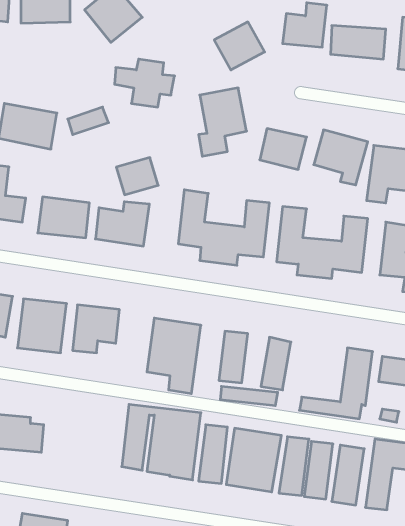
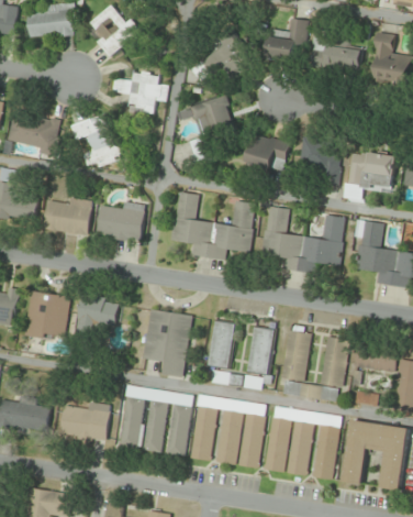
building: [116,158,158,195] -> [82,131,121,165]
building: none -> [280,329,311,381]
building: none -> [59,404,110,440]

